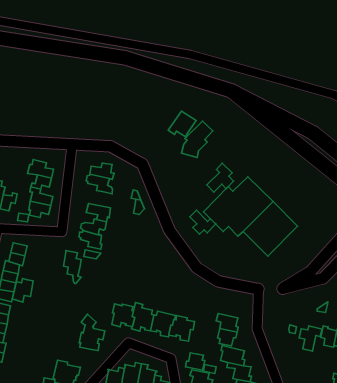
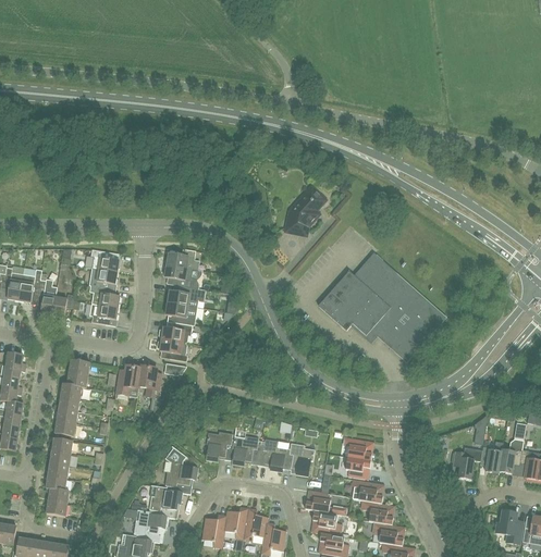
building: [168,111,196,137] -> none
building: [207,163,233,192] -> none
building: none -> [167,286,205,307]
building: [190,210,216,234] -> none
building: [12,279,33,302] -> [114,366,140,396]
building: none -> [148,485,181,518]

